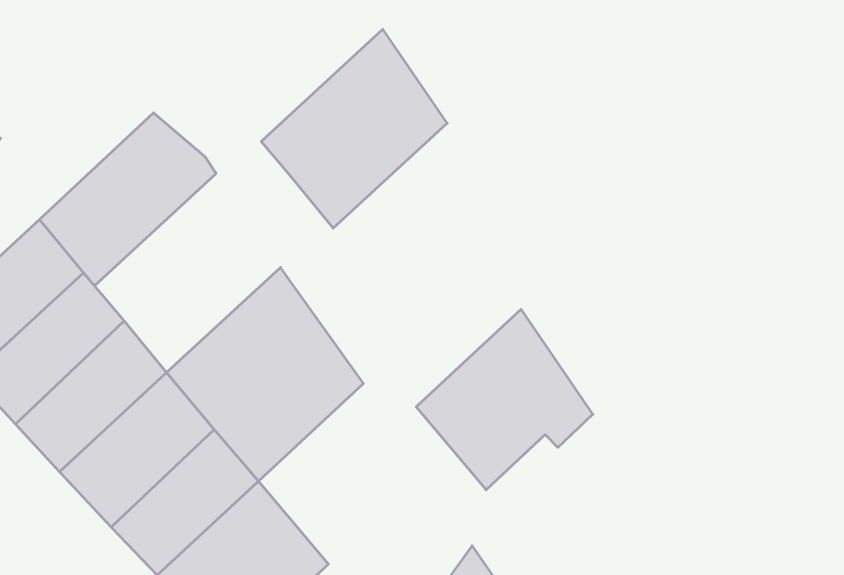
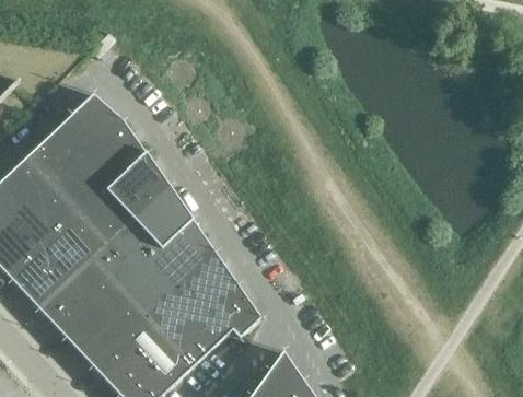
building: [261,29,447,228] -> [58,129,168,247]
building: [416,309,593,490] -> [155,254,260,361]

